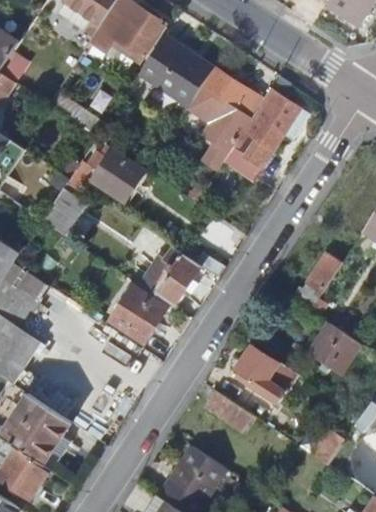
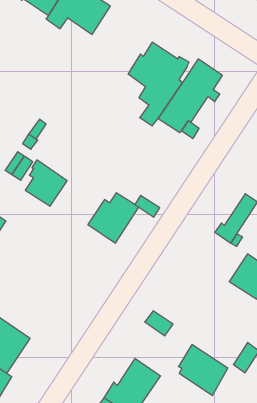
building: [138,38,212,107] -> none
building: [93,146,143,201] -> [25,160,67,206]
building: [110,287,165,343] -> none
building: [235,345,294,406] -> [178,345,228,396]

